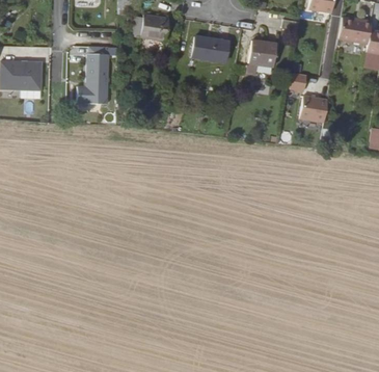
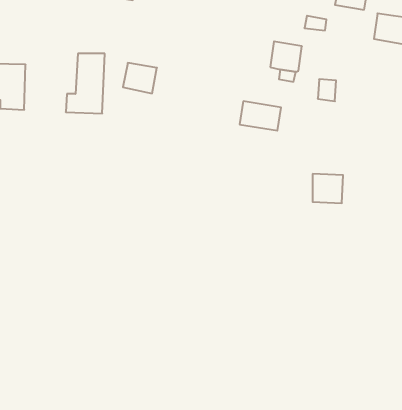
building: [142,15,171,41] -> [123,63,157,93]
building: [193,36,228,61] -> [240,101,281,131]
building: [300,97,326,122] -> [313,174,343,203]

